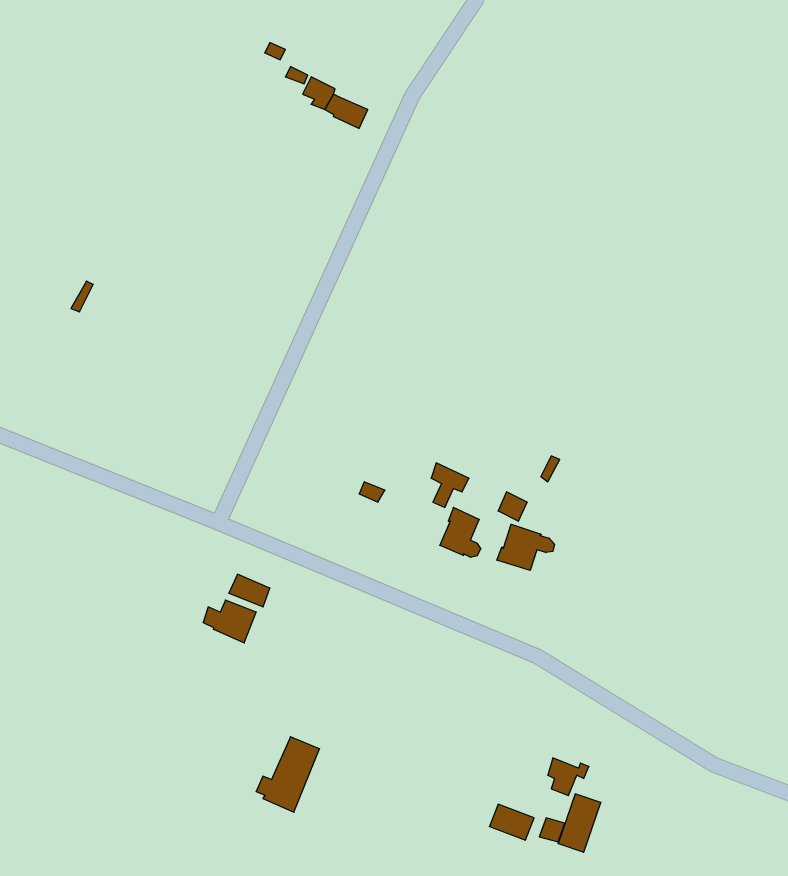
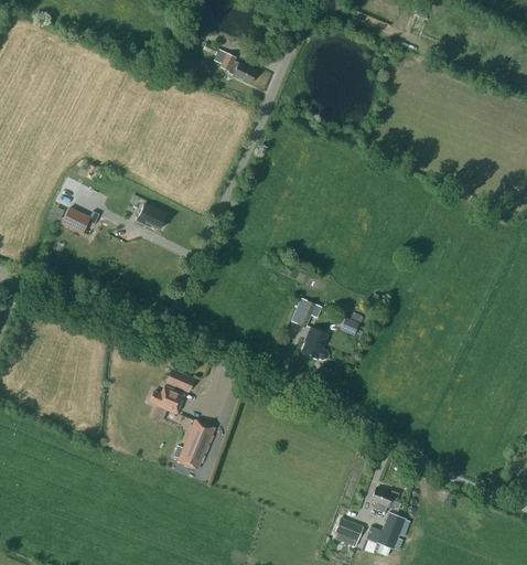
building: none -> [136,203,169,228]
building: none -> [62,207,98,233]
building: [497,524,554,570] -> none
building: [256,737,320,812] -> [173,420,214,469]

